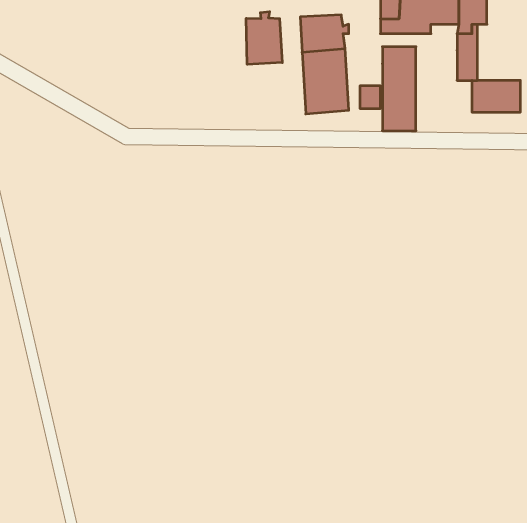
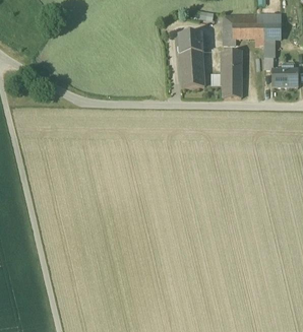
building: [246,12,282,64] -> none

